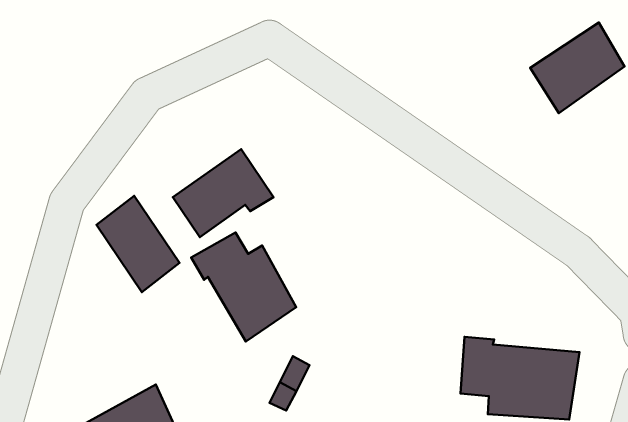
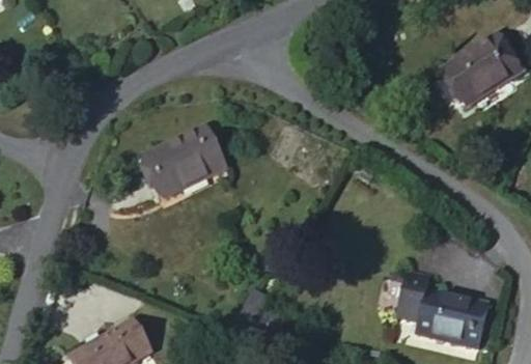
building: [97,196,179,292] -> none
building: [191,233,296,341] -> none

